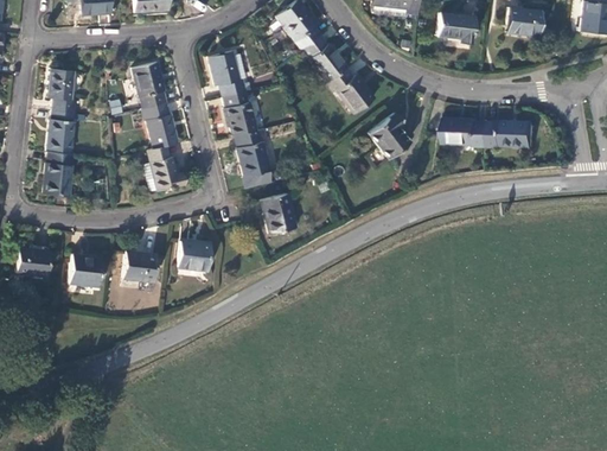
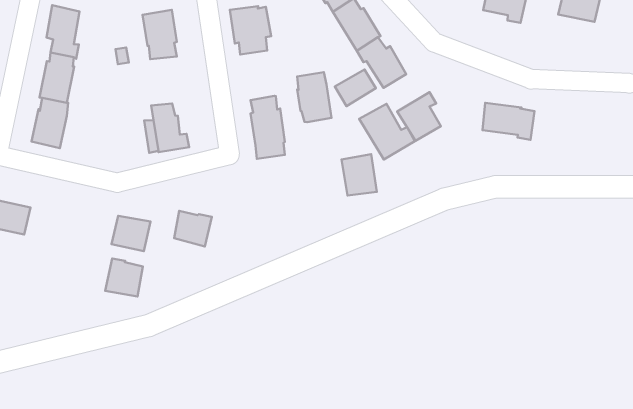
building: [223,90,257,136] -> [297,72,331,122]
building: none -> [335,70,376,106]
building: [142,103,177,148] -> none
building: [491,121,535,148] -> none
building: none -> [359,104,415,160]
building: [262,193,296,233] -> [342,154,377,196]
building: [69,254,101,286] -> [105,258,143,296]

